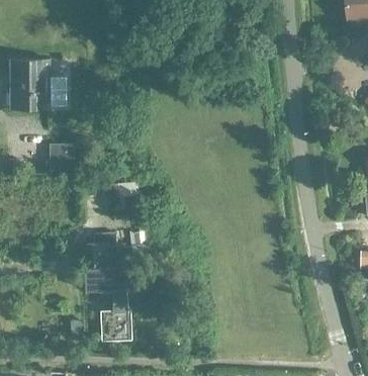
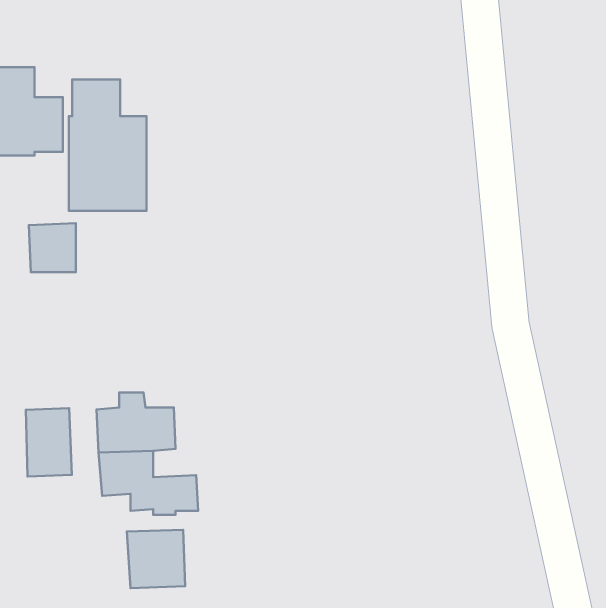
building: none -> [69,80,147,211]
building: none -> [26,408,72,477]

